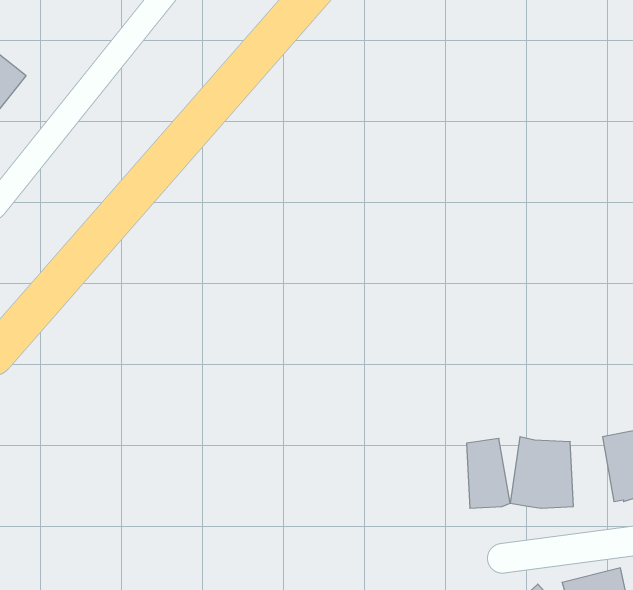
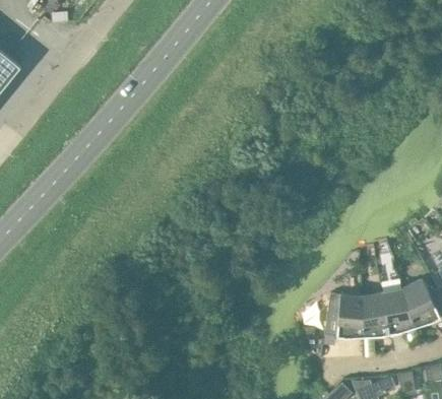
building: [467,438,510,508] -> [362,292,389,336]

